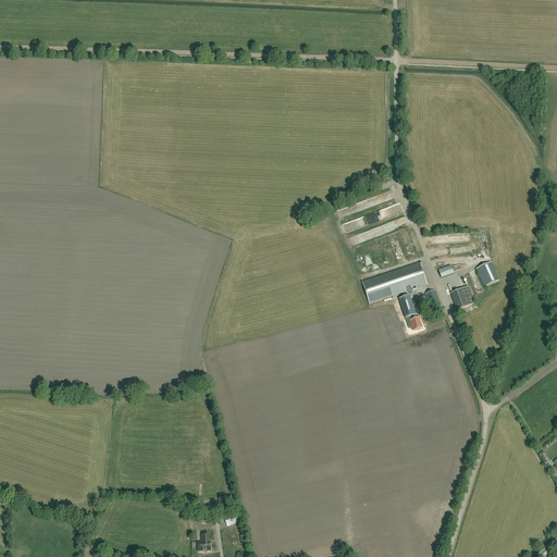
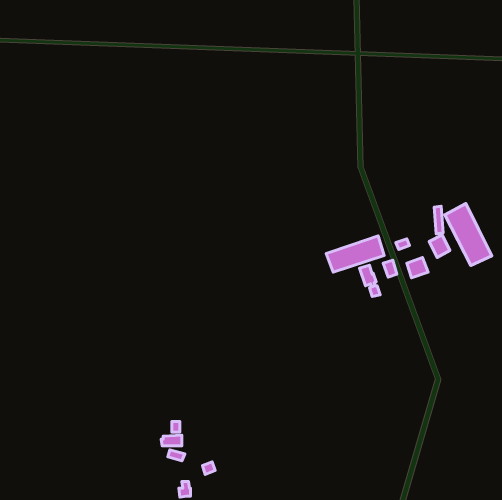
building: none -> [445,204,492,266]

